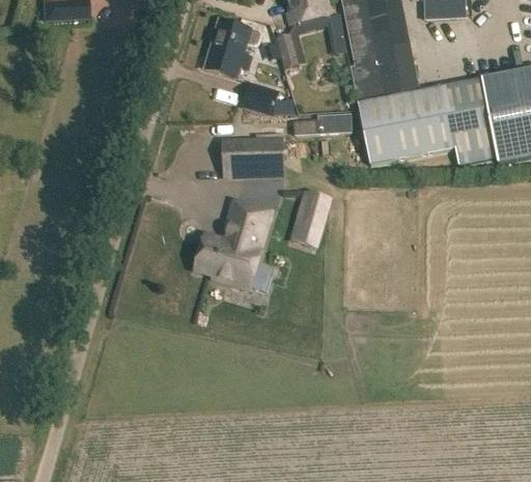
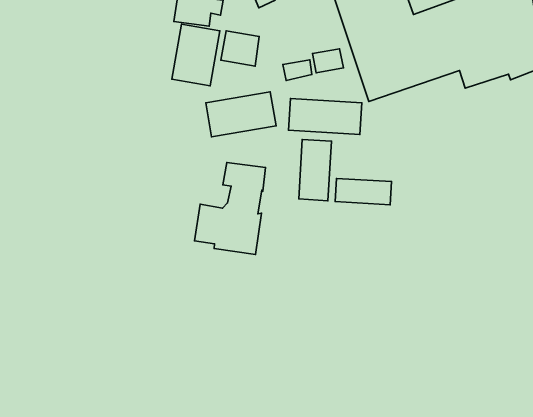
building: none -> [172,24,220,86]
building: none -> [289,99,362,134]
building: none -> [335,178,392,205]

